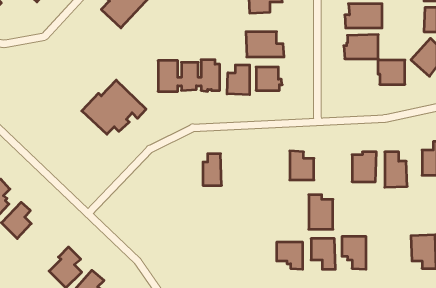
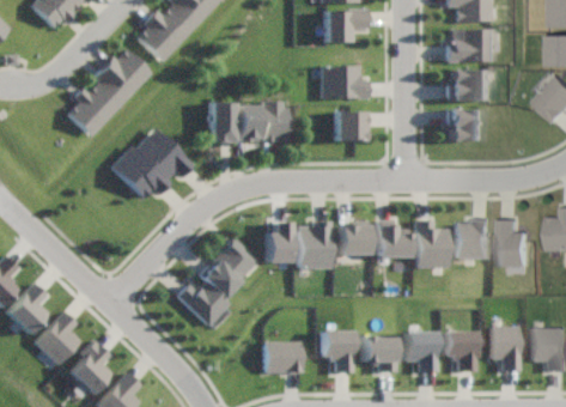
building: none -> [67,48,150,135]
building: [378,60,405,84] -> [446,109,481,140]
building: [227,65,250,95] -> none
building: none -> [337,220,366,254]
building: none -> [298,223,330,268]
building: none -> [177,238,258,327]
building: [309,195,333,229] -> [416,221,448,266]
building: none -> [32,311,79,364]
building: none -> [492,324,519,371]
building: none -> [321,329,352,372]
building: none -> [263,341,302,371]

